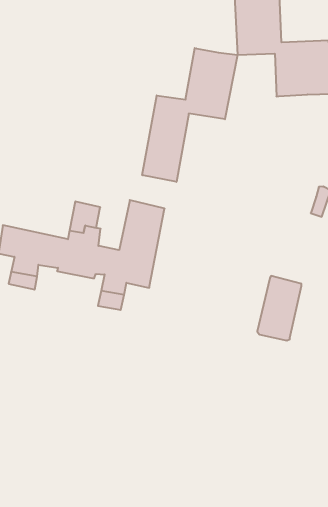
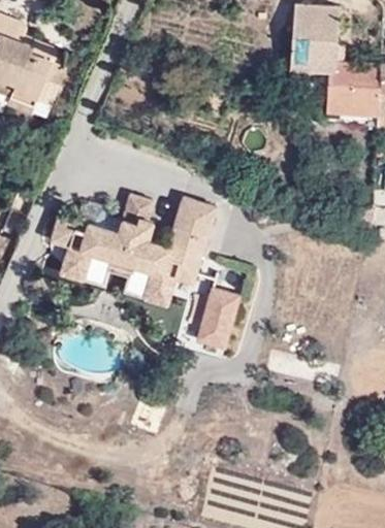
building: [142,48,237,182] -> none
building: [257,276,301,340] -> [193,294,238,357]

